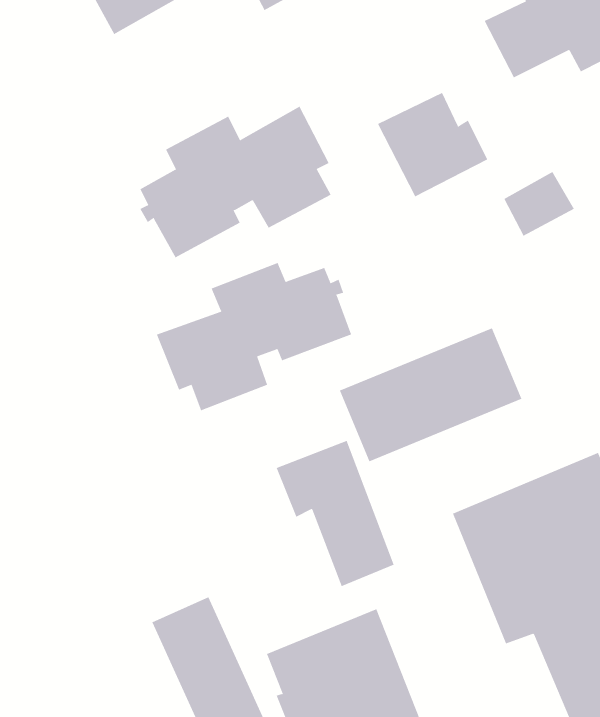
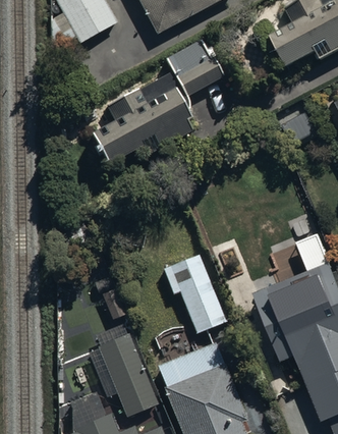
building: [377,92,488,197] -> [165,41,222,95]
building: [156,262,352,411] -> none
building: [339,327,522,462] -> none

